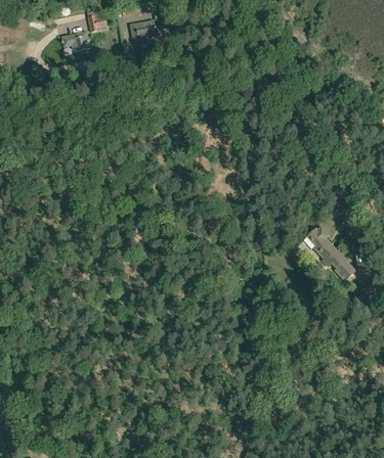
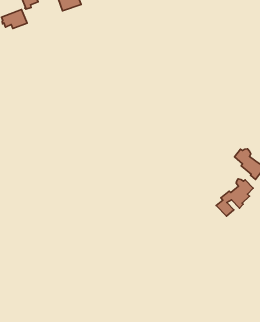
building: none -> [216,179,253,216]

